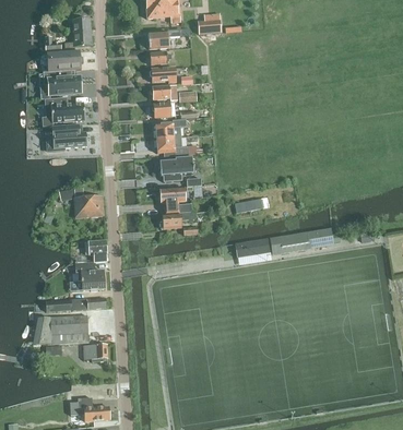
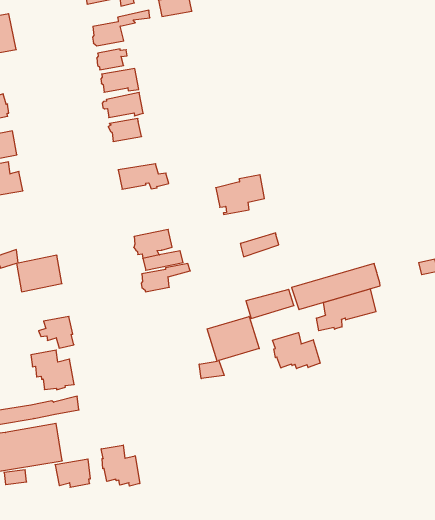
building: [153,121,185,140] -> none
building: [159,156,193,181] -> [216,175,264,214]
building: none -> [316,289,376,331]
building: none -> [199,316,259,379]
building: none -> [272,333,320,369]
building: none -> [101,445,140,486]

